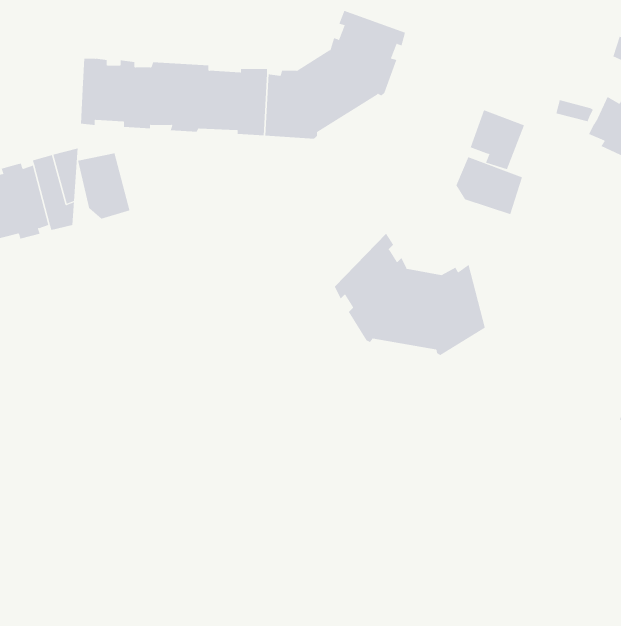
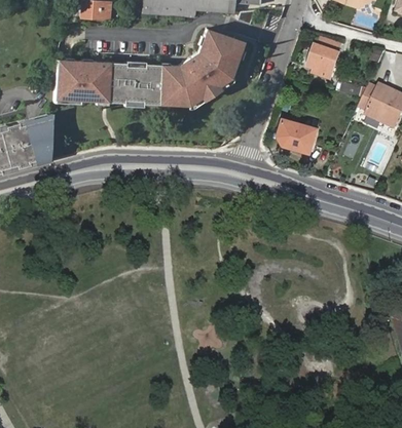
building: [470,110,525,170] -> [307,43,340,79]
building: [78,152,130,219] -> none
building: [334,233,485,356] -> none

